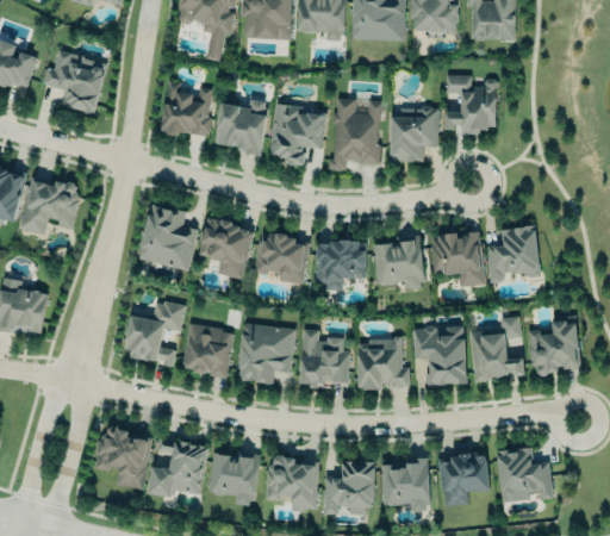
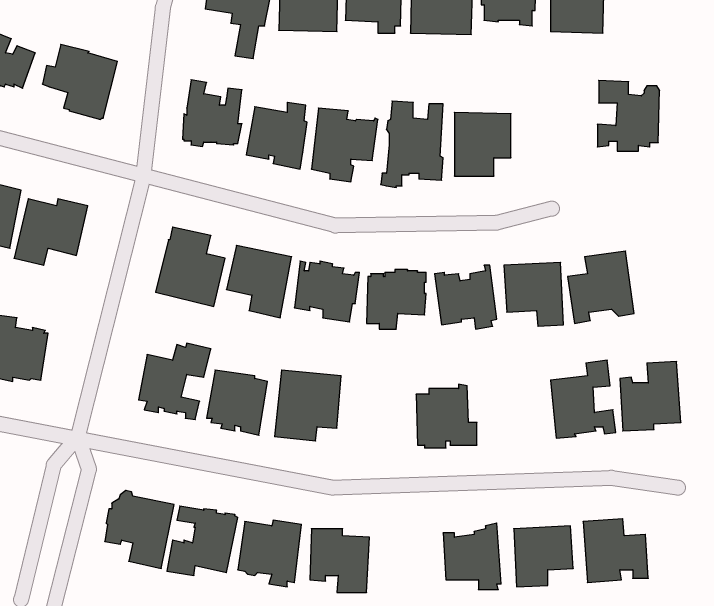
building: [444,74,497,133] -> [597,80,660,151]
building: [412,326,466,386] -> none
building: [300,330,349,387] -> none
building: [324,461,375,515] -> none

